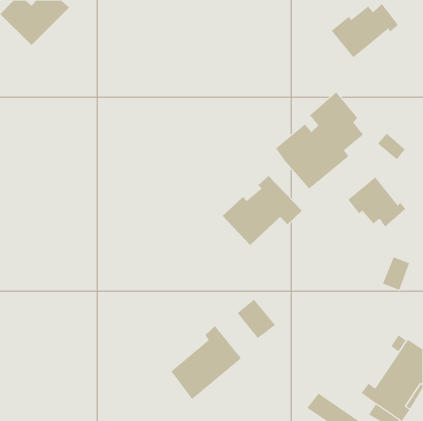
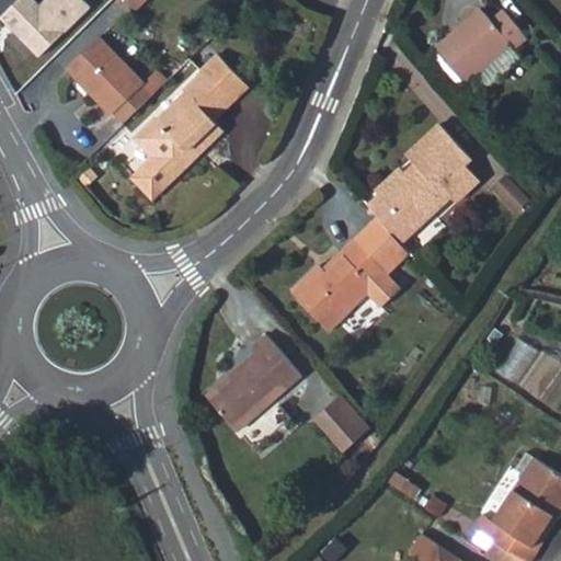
building: none -> [66,37,147,117]
building: none -> [127,59,248,199]
building: none -> [354,217,407,271]
building: [347,176,406,228] -> none
building: [170,325,242,400] -> [208,327,302,425]

